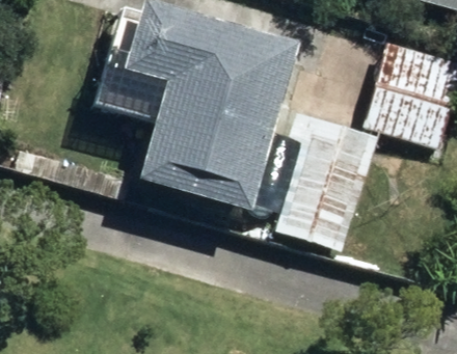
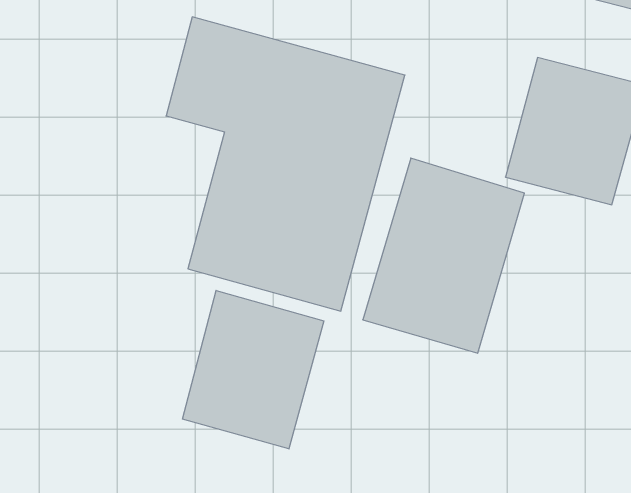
building: none -> [183,290,324,449]

